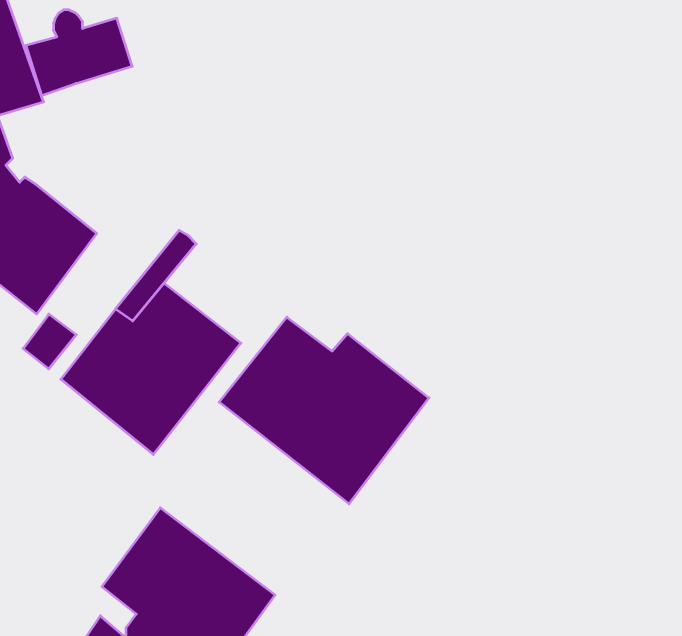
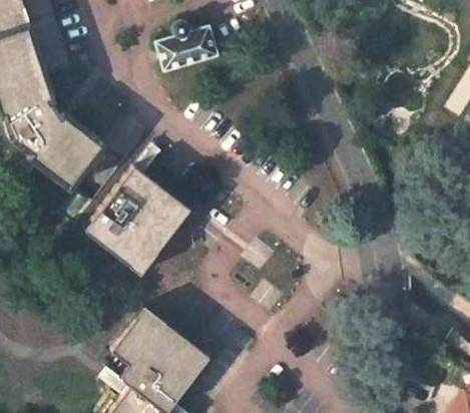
building: [26,10,132,95] -> [155,21,217,71]
building: [219,317,429,504] -> none

